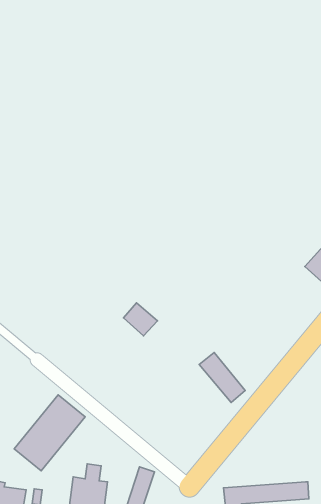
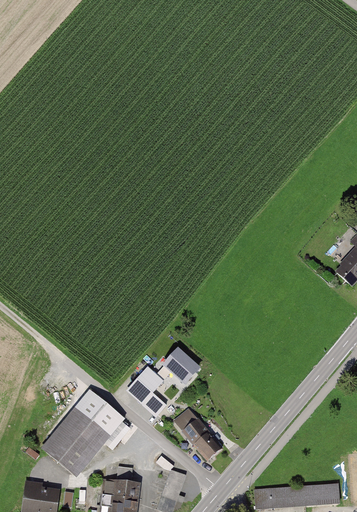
building: [123,303,157,336] -> [164,350,198,383]
building: [199,352,245,403] -> [175,409,221,459]
building: none -> [130,369,165,414]

